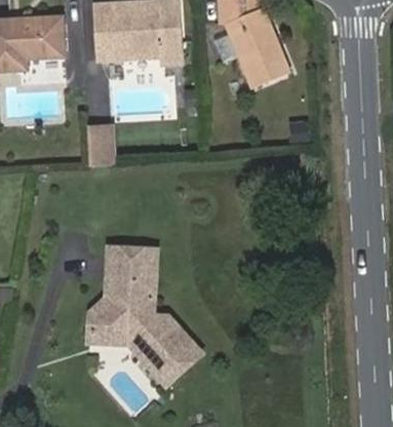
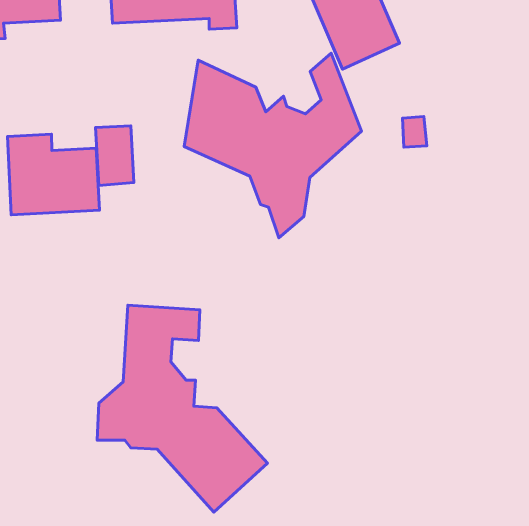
building: none -> [184,53,362,238]
building: none -> [7,134,100,215]

